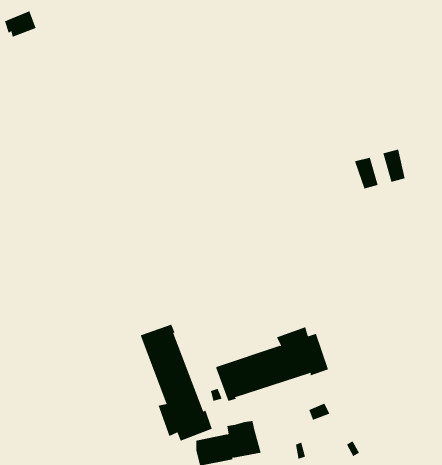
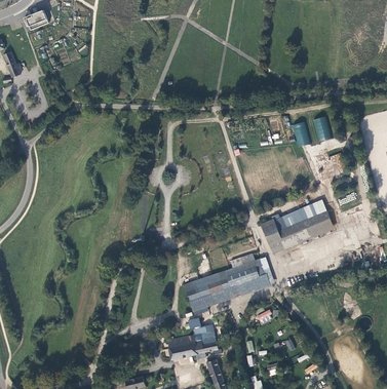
building: none -> [261,199,334,248]
building: [140,324,213,442] -> none

